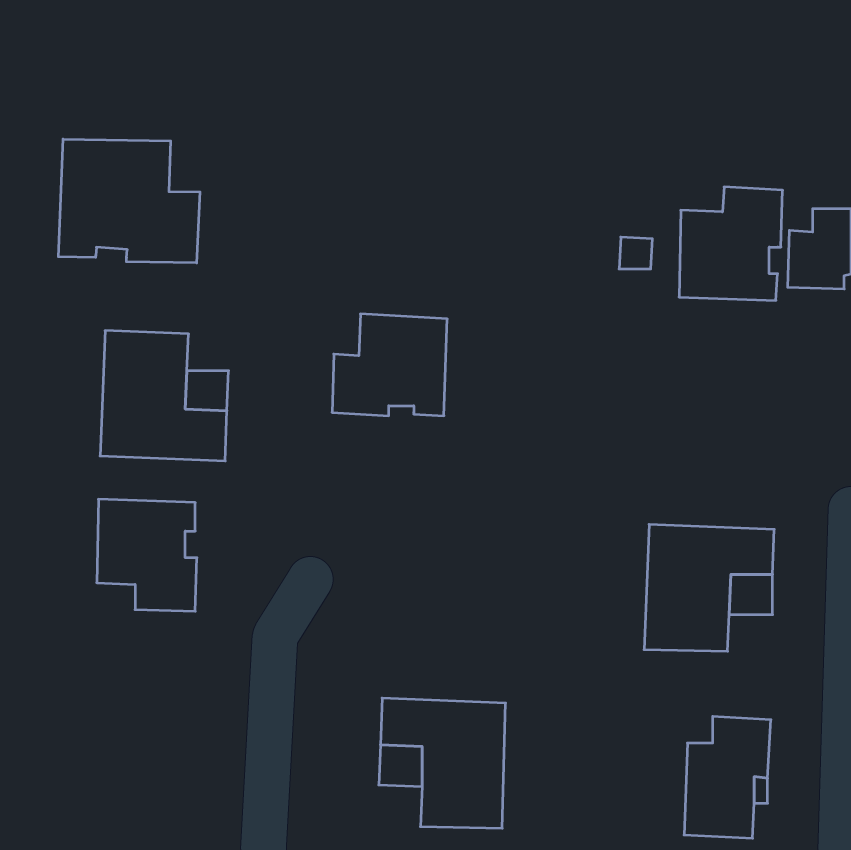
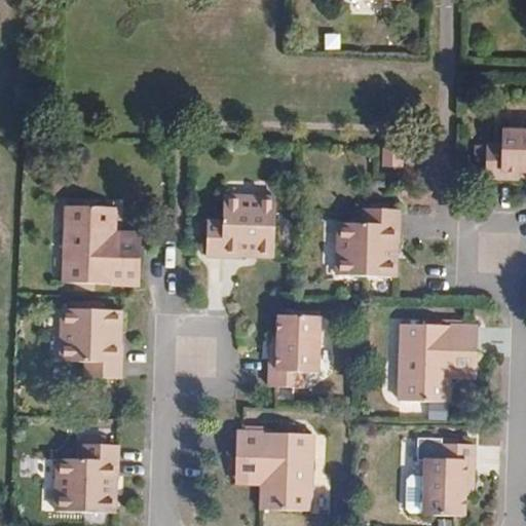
building: [58,139,200,263] -> none
building: [679,187,783,300] -> [335,205,399,275]
building: none -> [267,313,318,386]
building: none -> [53,442,118,512]

